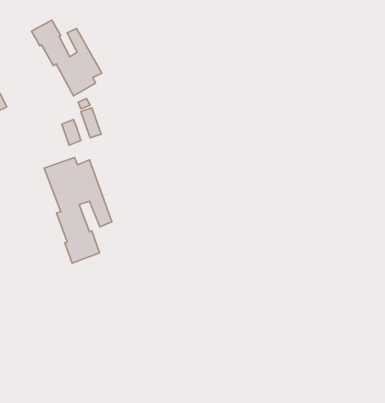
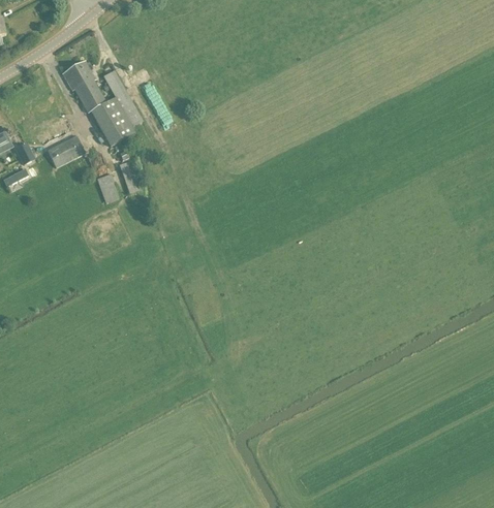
building: none -> [47,135,85,167]
building: [44,158,112,263] -> none

